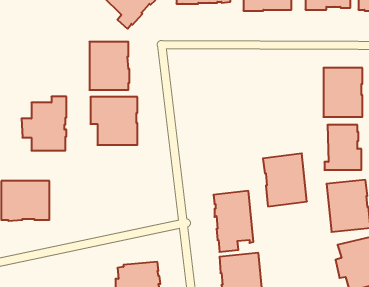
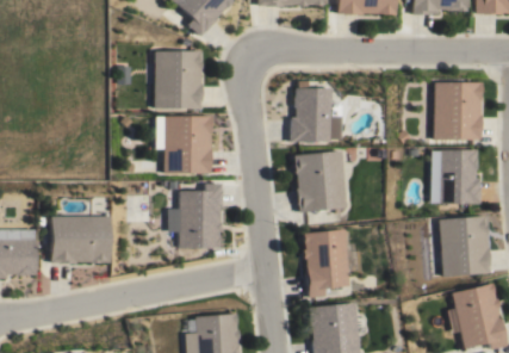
building: none -> [291,88,341,142]
building: [21,97,66,151] -> [169,184,223,248]
building: [263,153,307,206] -> [294,150,347,213]

